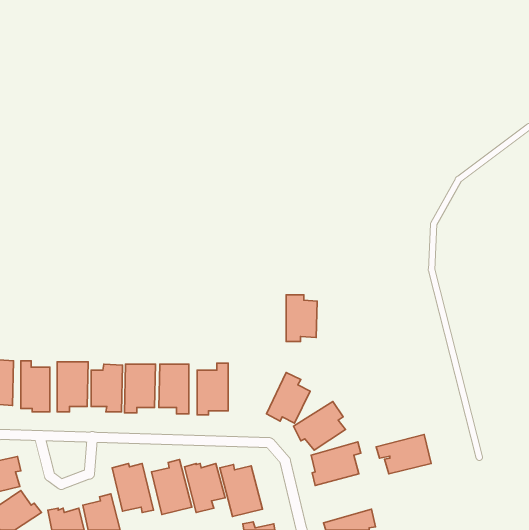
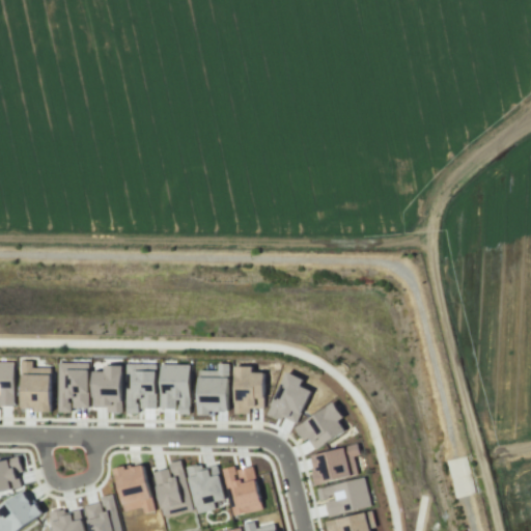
building: [286,295,317,342] -> [233,366,264,413]
building: [376,434,431,474] -> [316,476,371,515]

